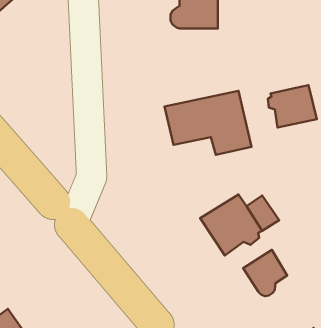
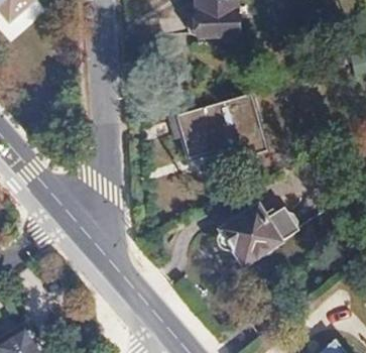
building: [268,85,317,127] -> none
building: [243,250,287,296] -> none

